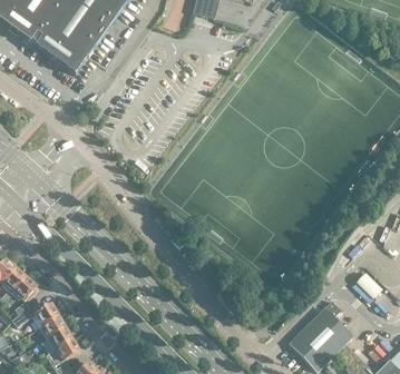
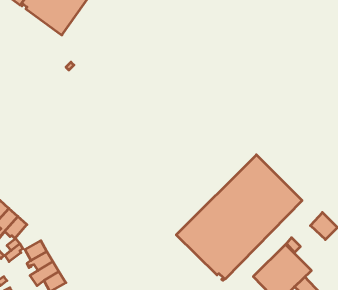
building: none -> [176,155,302,280]

